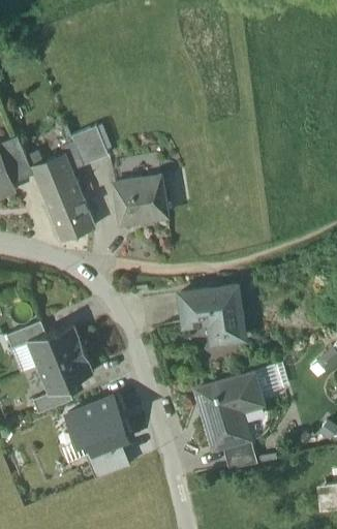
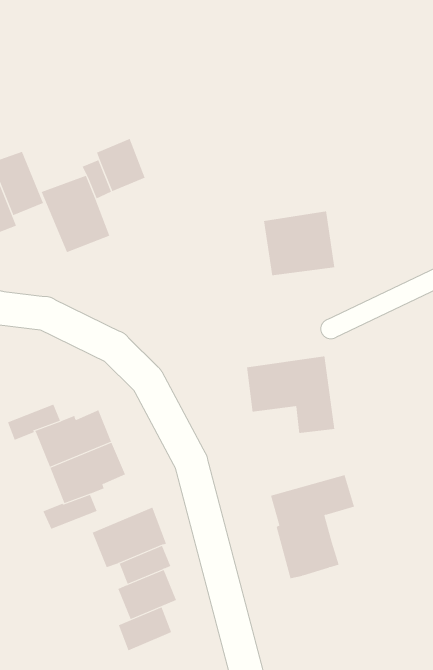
building: [115,175,167,222] -> [263,211,335,276]
building: [50,197,94,241] -> none
building: [222,438,256,469] -> none
building: none -> [118,607,172,651]

